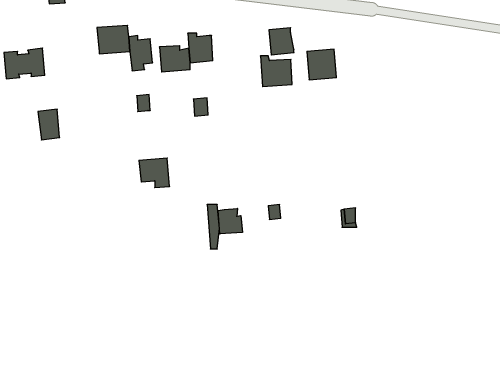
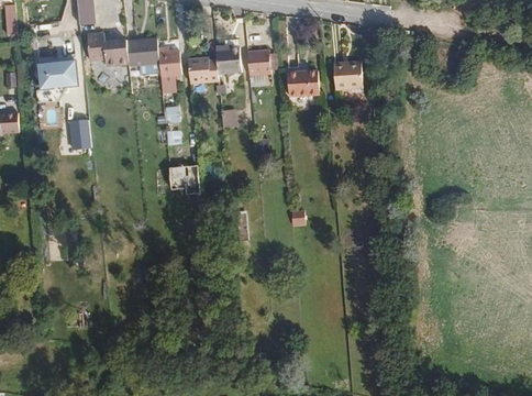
building: none -> [90,31,130,65]
building: [269,28,294,55] -> [246,50,270,76]
building: [218,208,242,234] -> none

